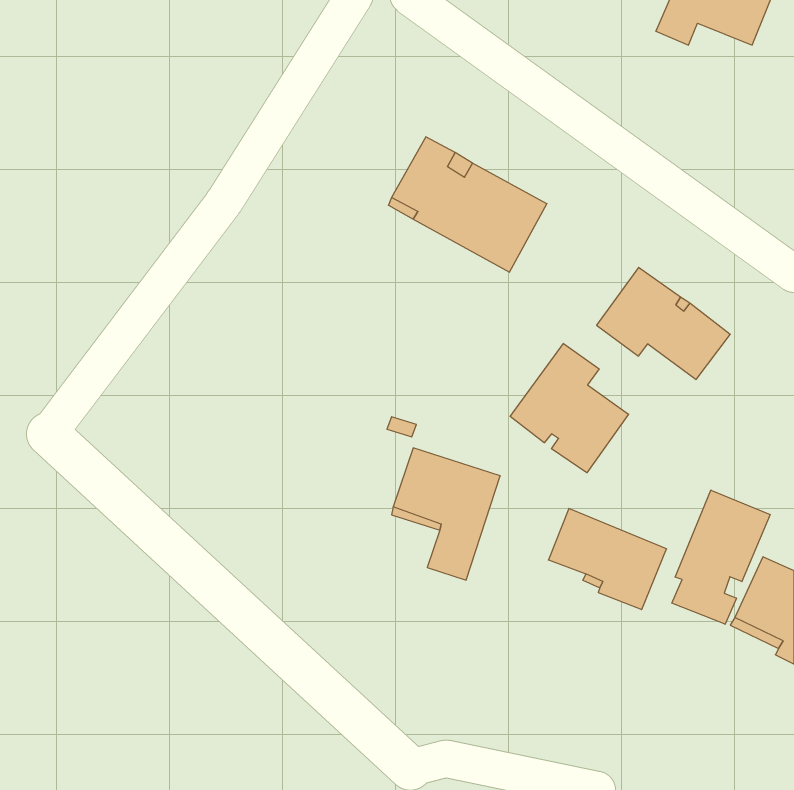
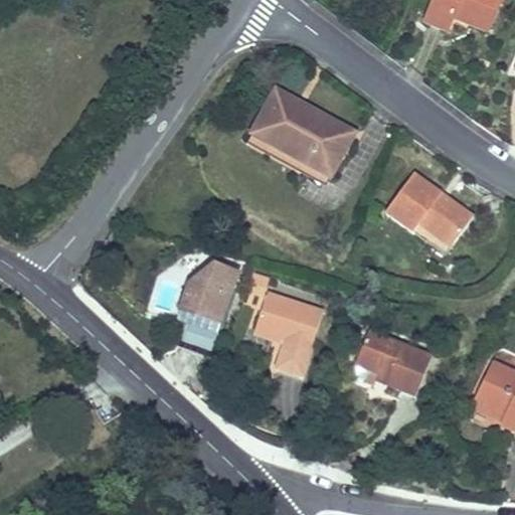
building: [510,343,629,473] -> none
building: none -> [165,269,226,352]
building: [672,490,770,624] -> none

